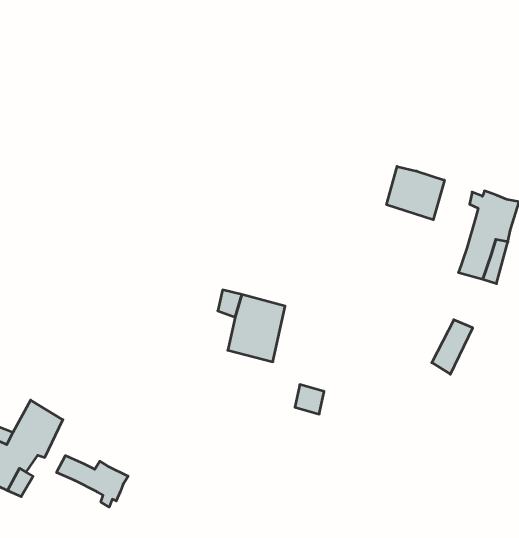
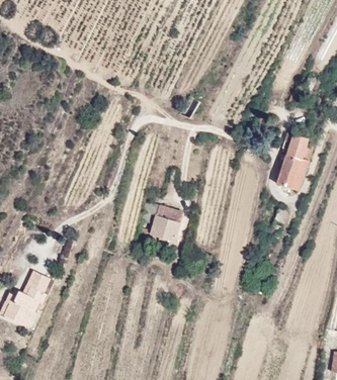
building: [387,166,444,220] -> none
building: [57,456,128,507] -> none

